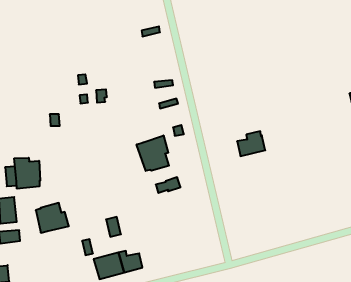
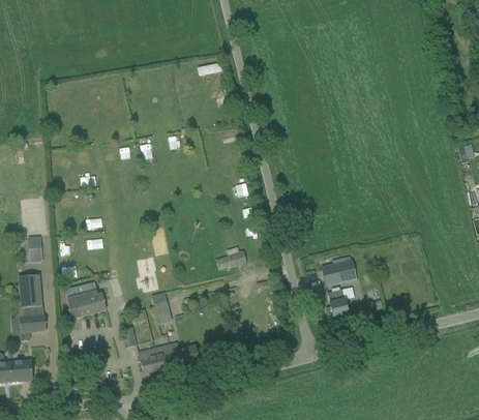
building: [237,131,265,156] -> [321,253,356,284]
building: [137,135,169,171] -> none
building: [14,158,40,189] -> none
building: none -> [325,289,348,317]

